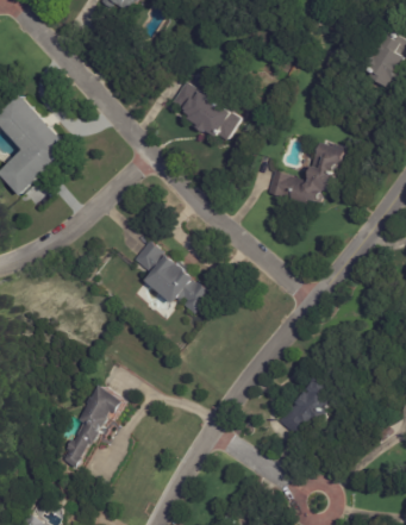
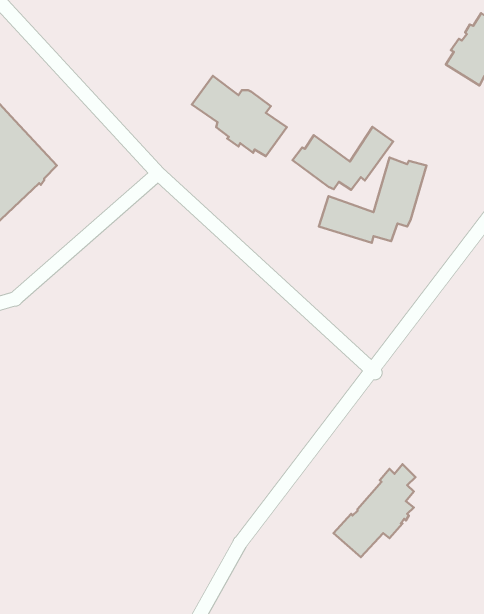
building: none -> [293,127,393,190]
building: [132,239,211,313] -> none
building: [61,386,126,469] -> none

